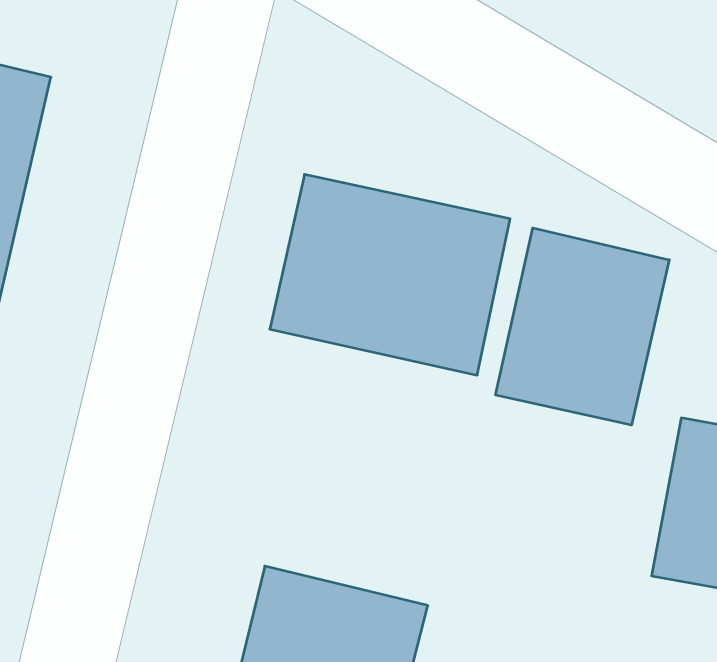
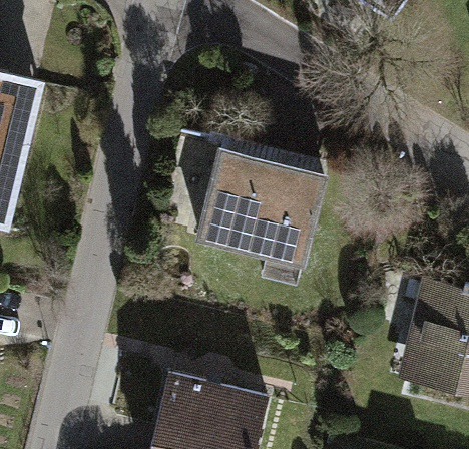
building: [496,228,669,425] -> none

